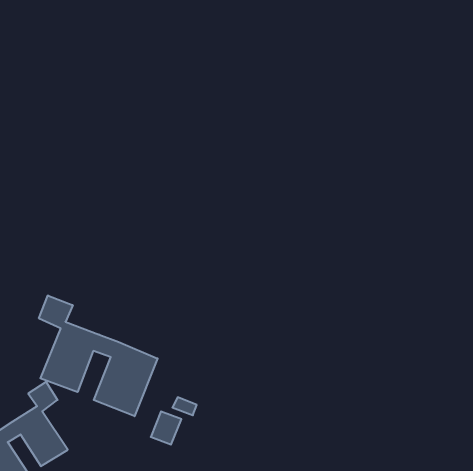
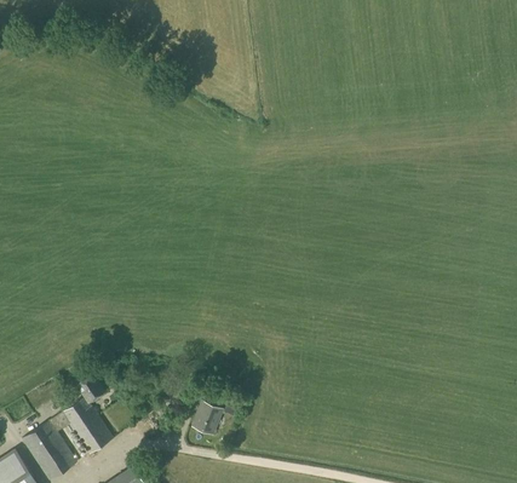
building: [39,295,158,416] -> none

